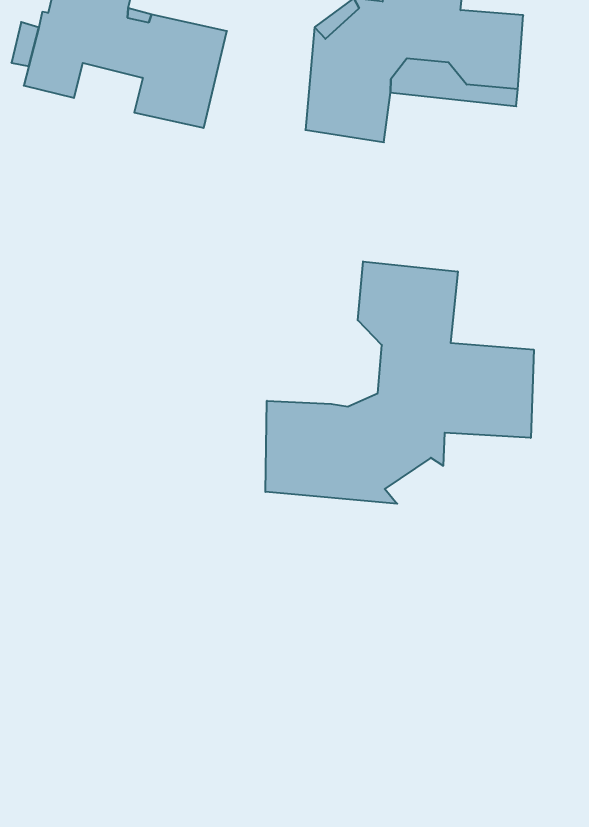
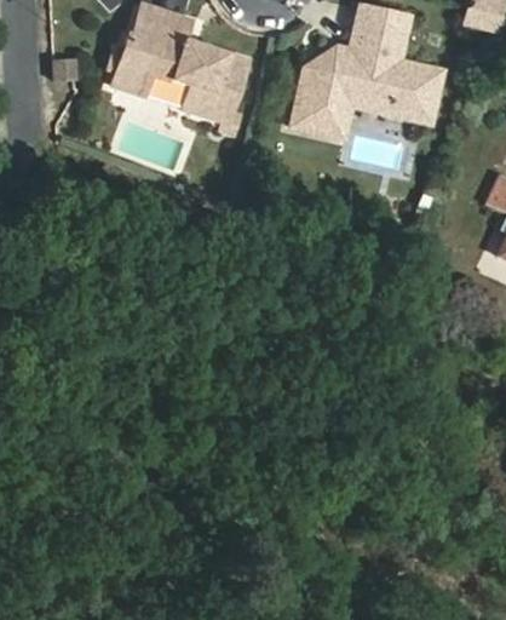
building: [265,261,534,504] -> none

